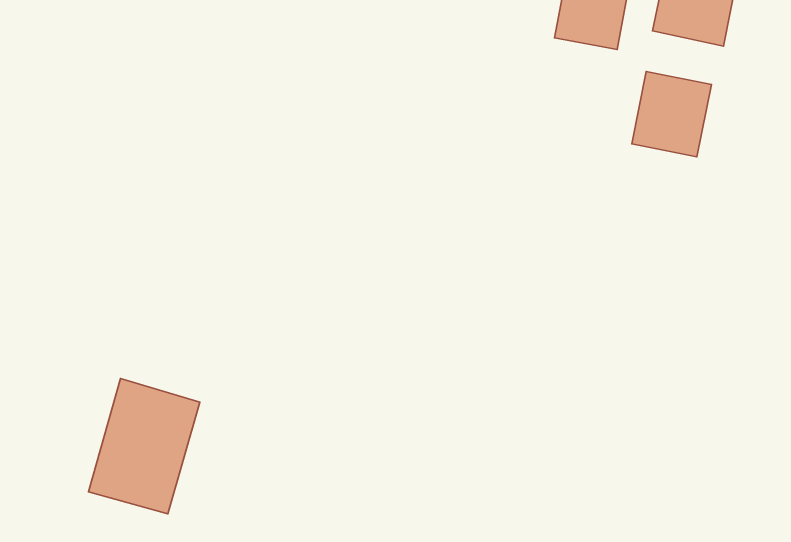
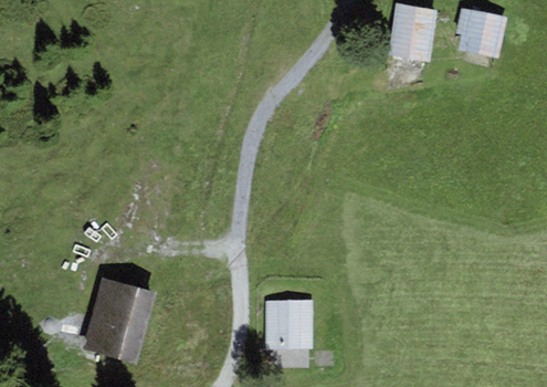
building: [632,71,711,157] -> none
building: none -> [266,297,311,364]

